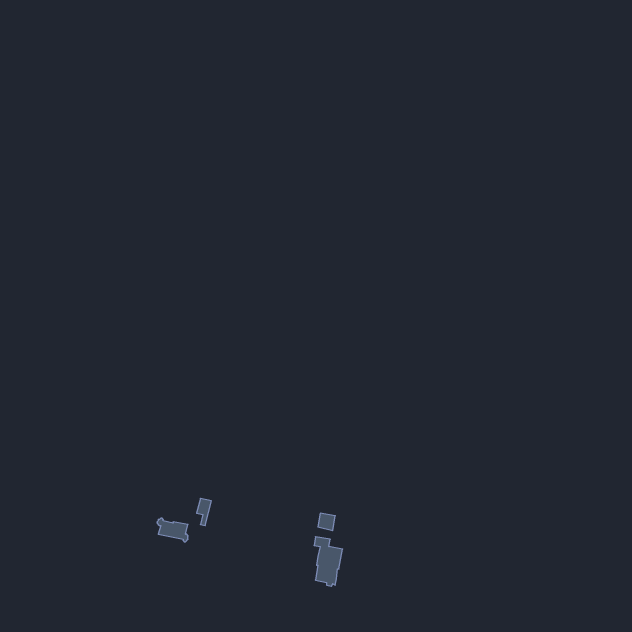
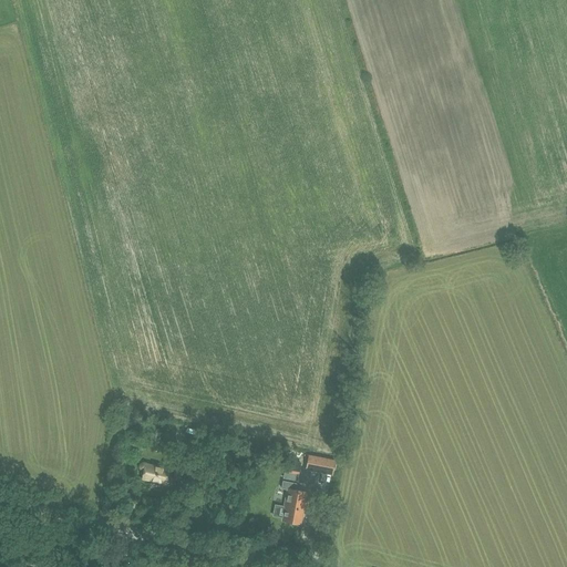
building: none -> [306,454,336,475]

